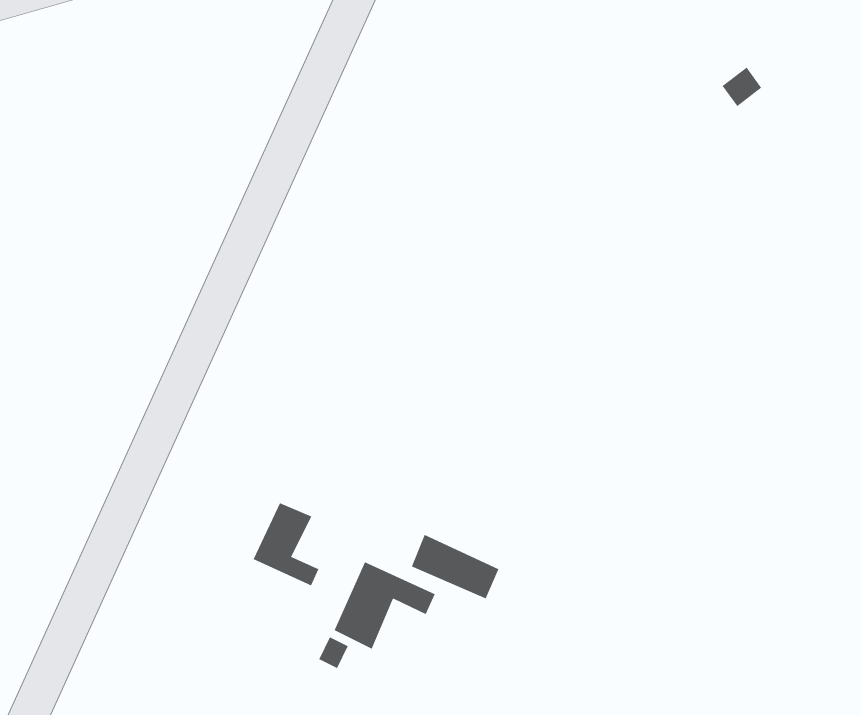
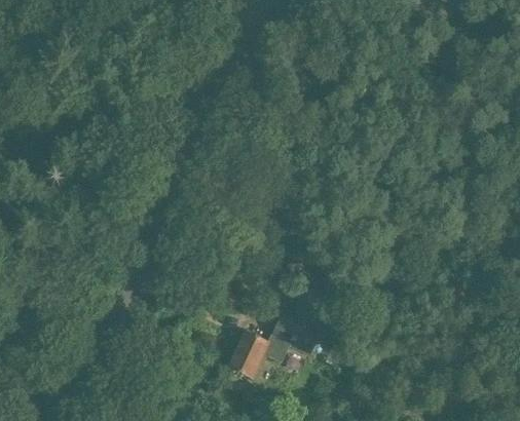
building: [252,502,320,586] -> none

